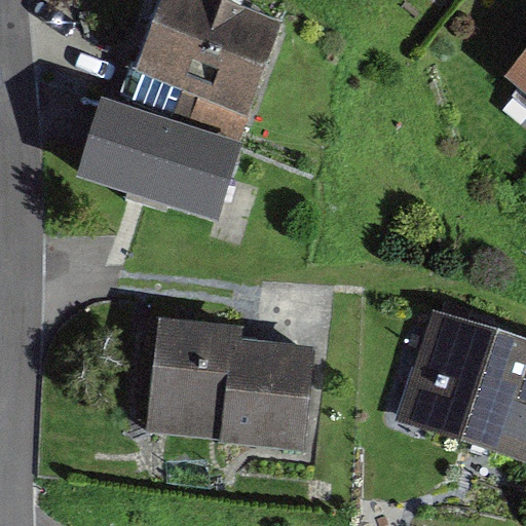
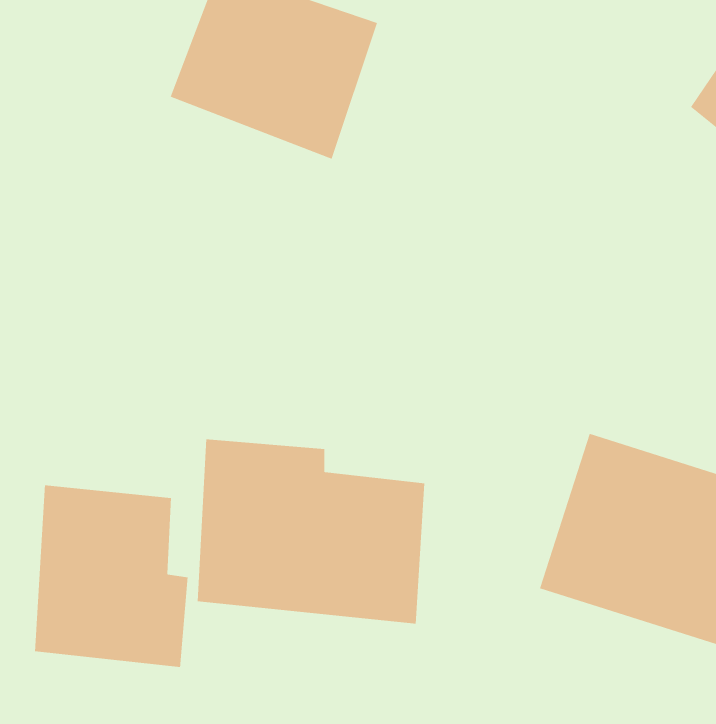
building: [80,101,228,212] -> none
building: none -> [35,485,188,668]

